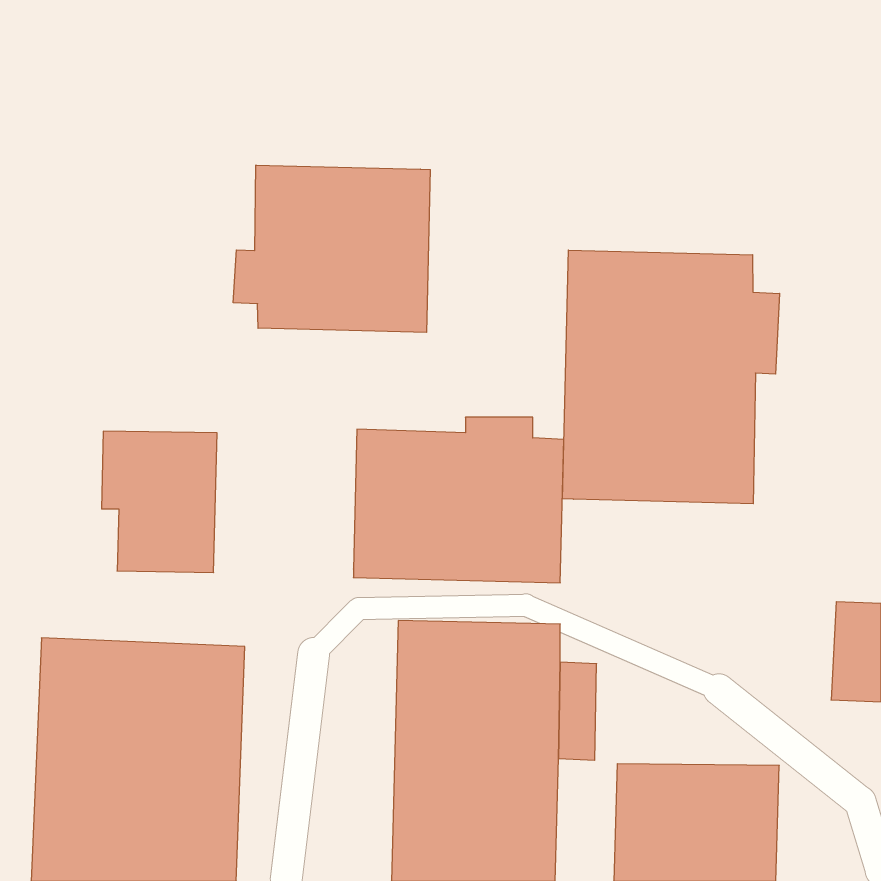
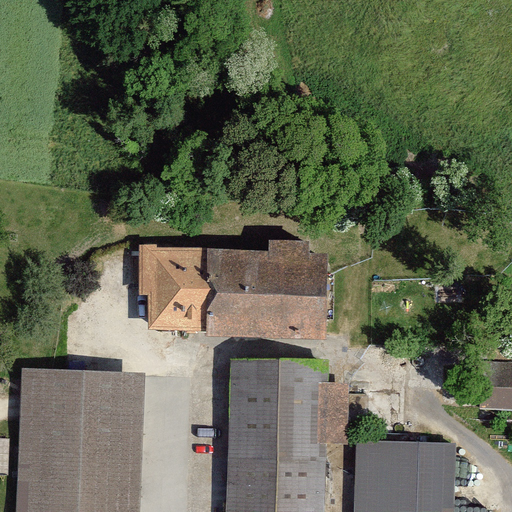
building: [233,165,430,332] -> none
building: [562,250,780,504] -> none
building: [102,431,217,573] -> [140,248,207,330]

